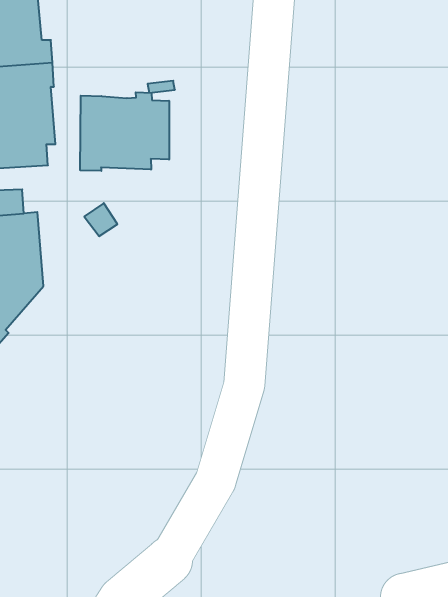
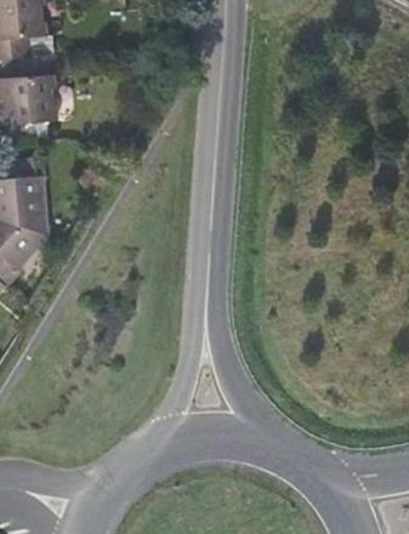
building: [80,92,169,171] -> none

